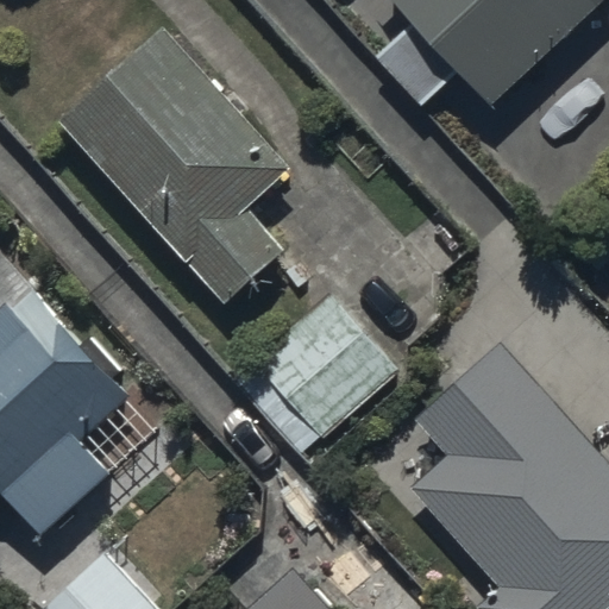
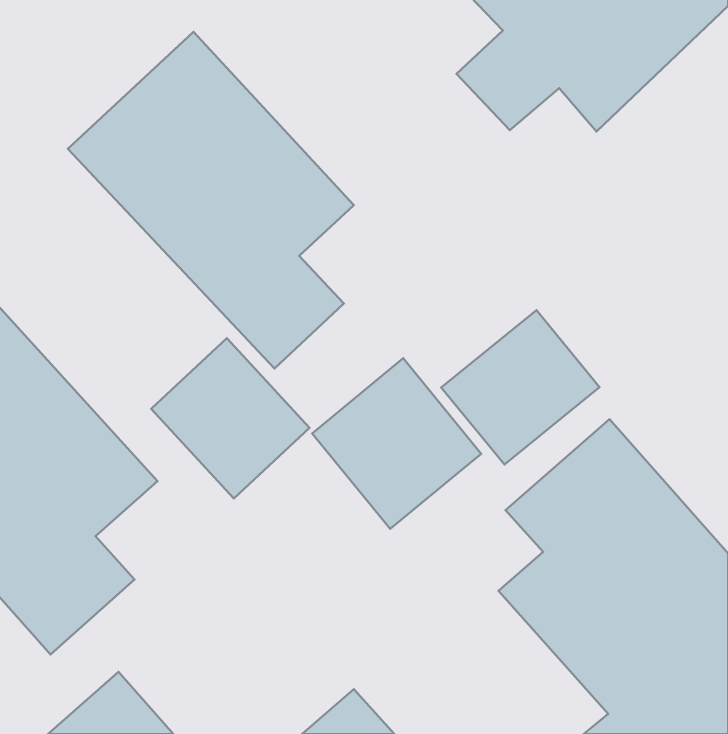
building: none -> [441,310,600,465]
building: none -> [151,338,310,498]

